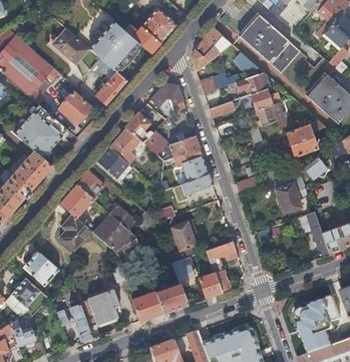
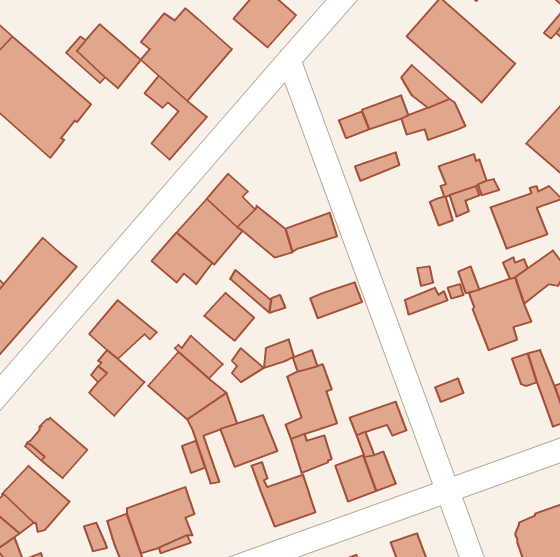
building: [120,21,159,53] -> none
building: [192,28,231,71] -> none
building: [149,83,185,116] -> none
building: [250,88,280,109] -> none
building: [58,91,89,122] -> none
building: [14,105,66,157] -> none
building: [177,148,209,180] -> none
building: [75,171,103,199] -> [204,293,254,341]
building: [131,292,163,321] -> [220,415,277,467]

